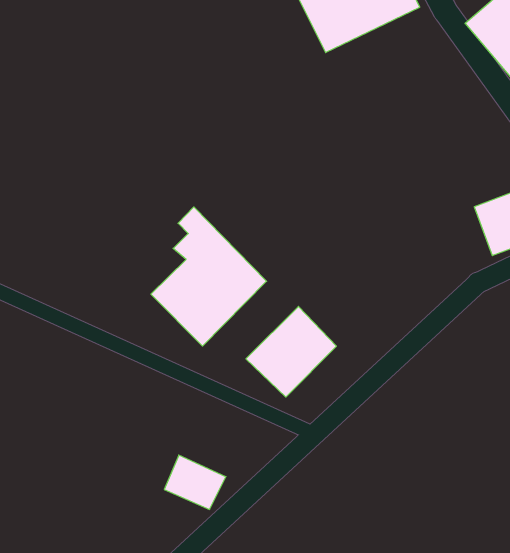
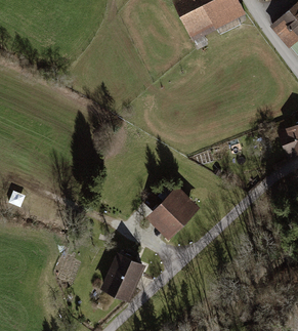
building: [151,207,267,346] -> none
building: none -> [109,250,144,281]

